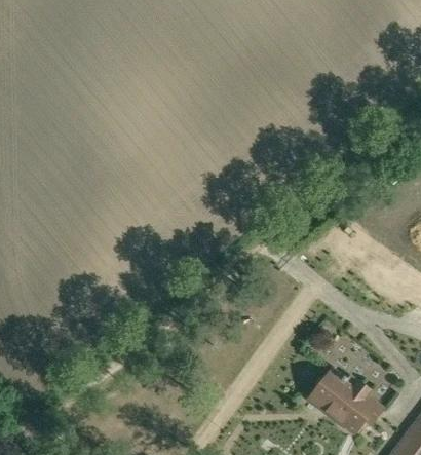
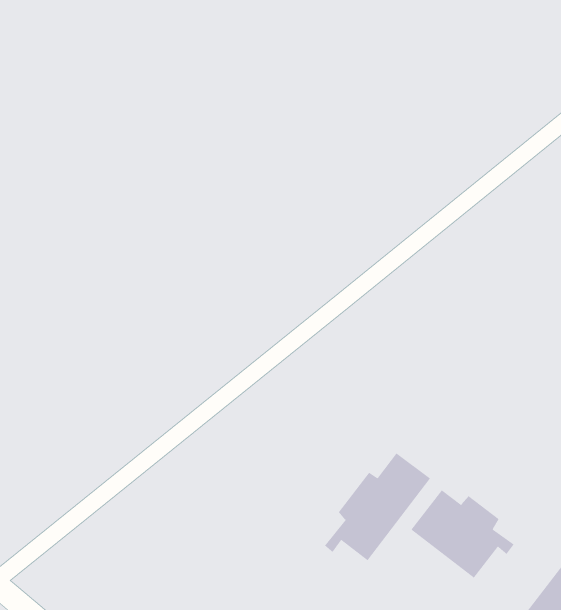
building: none -> [324,452,431,561]

